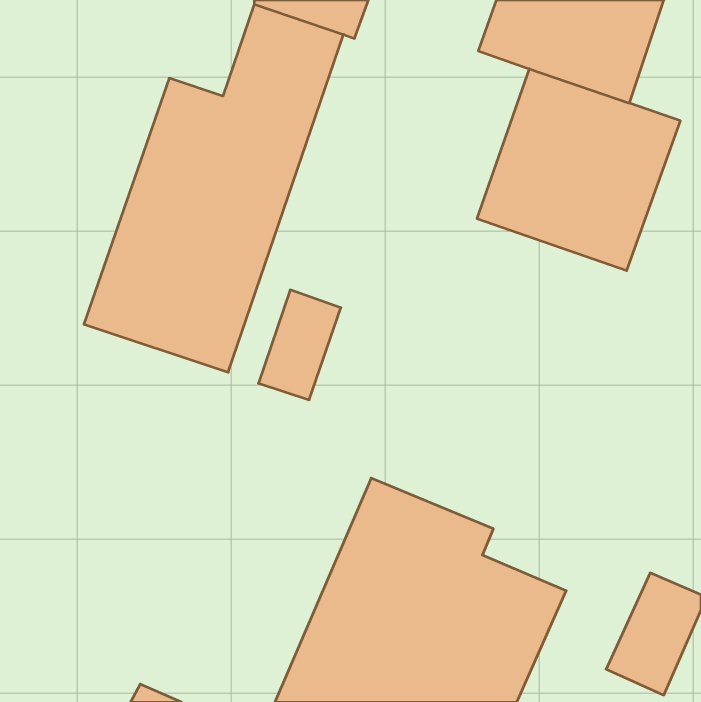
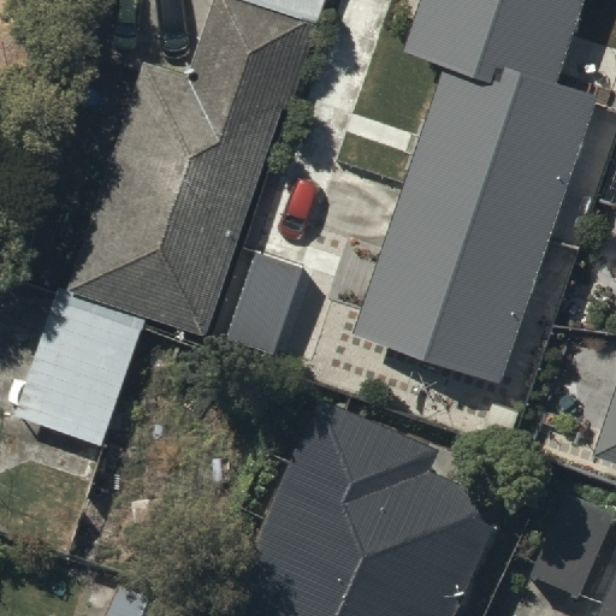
building: none -> [369,191,549,372]
building: none -> [19,296,143,443]

